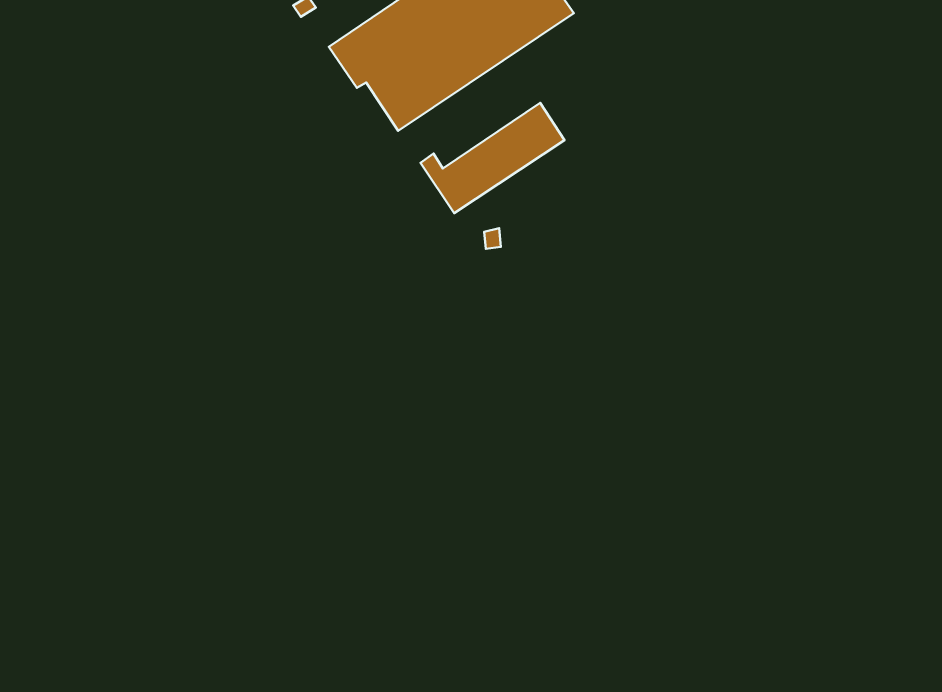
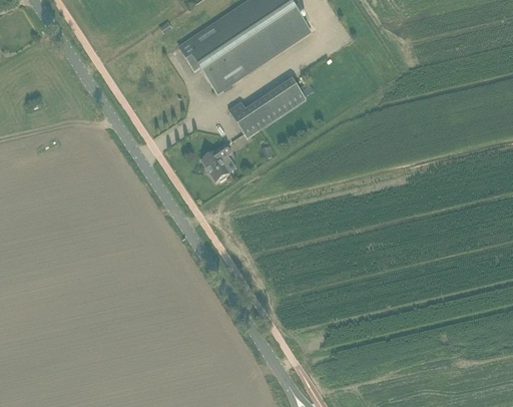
building: none -> [202,143,232,180]

